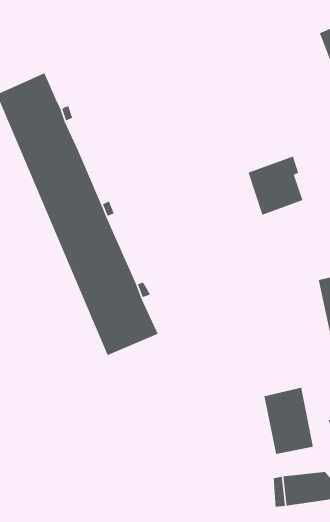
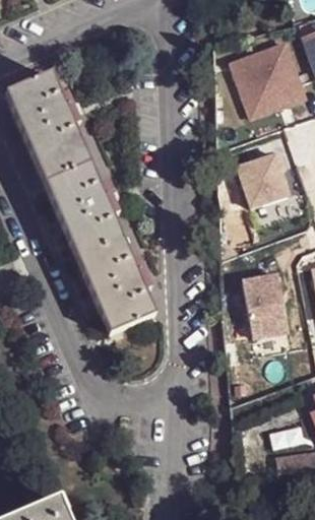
building: none -> [231,41,305,116]
building: [264,387,314,455] -> [232,267,278,330]

